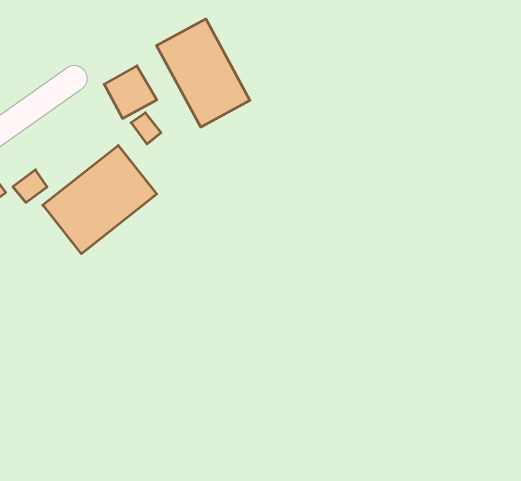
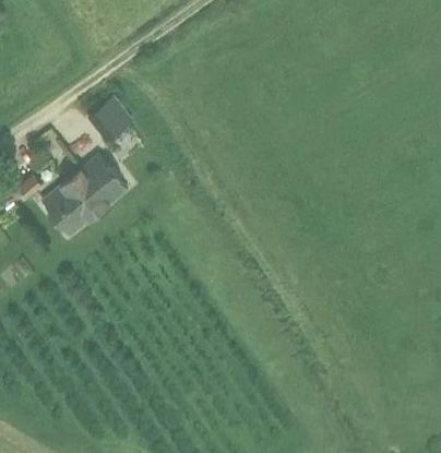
building: [157,19,250,127] -> none

